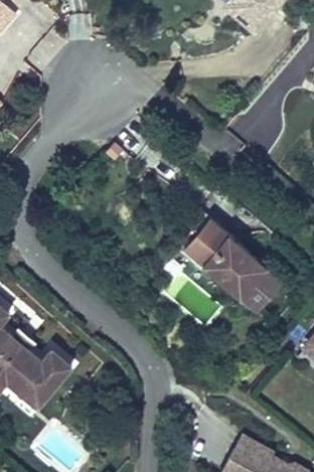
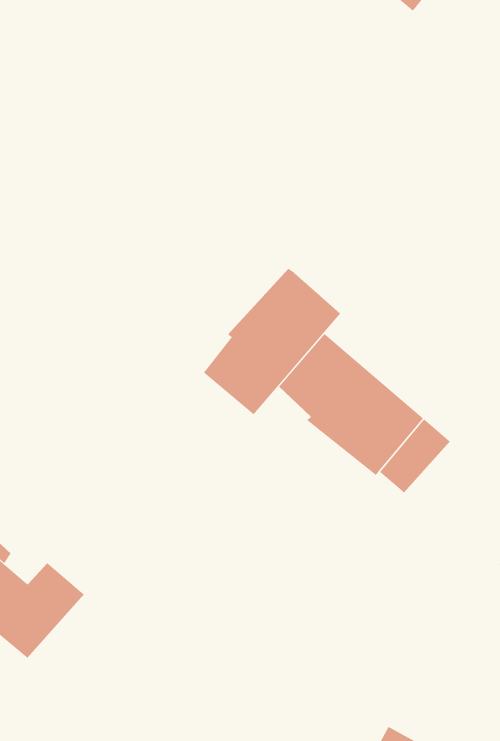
building: none -> [203,268,341,415]

